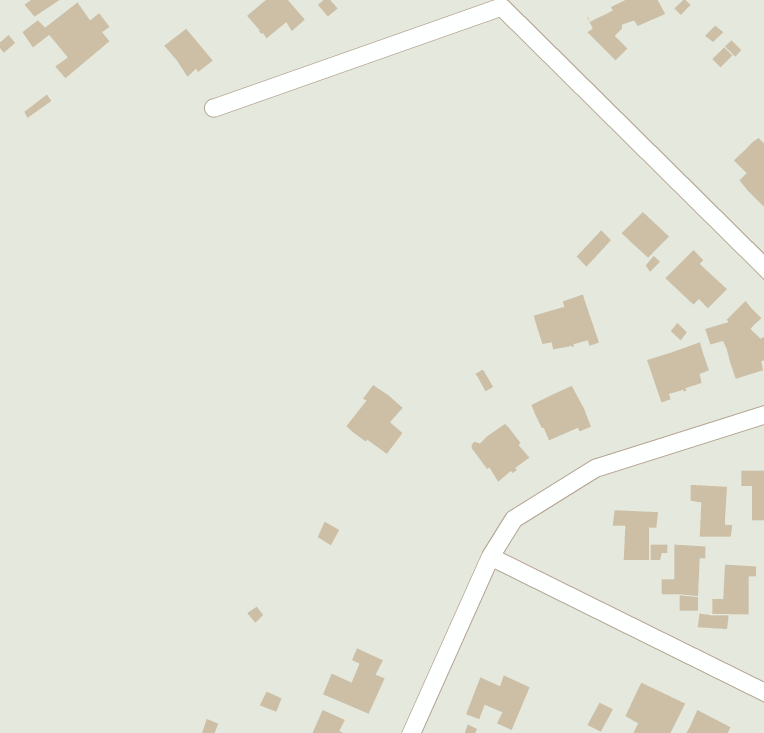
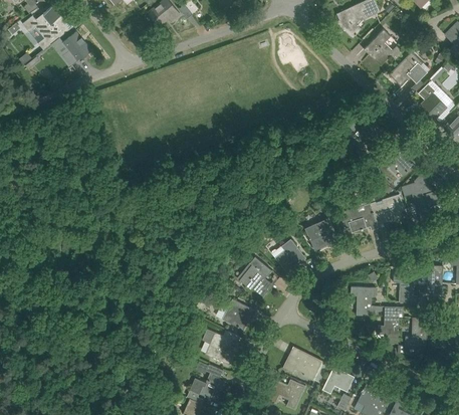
building: [163,28,214,77] -> [62,32,90,59]
building: none -> [363,29,402,66]
building: none -> [389,52,429,85]
building: [533,294,600,350] -> [339,201,377,232]
building: [346,384,404,455] -> [239,257,271,296]
building: none -> [221,298,256,331]
building: none -> [201,329,239,366]
building: none -> [282,349,321,381]
building: none -> [321,367,354,394]

